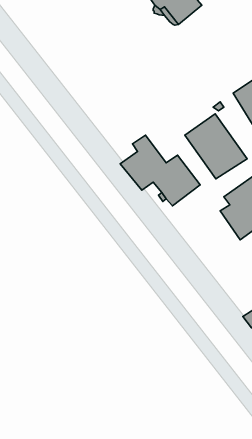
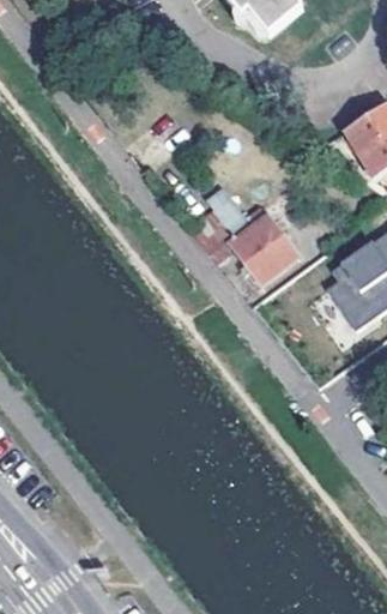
building: [185,114,247,179] -> none

